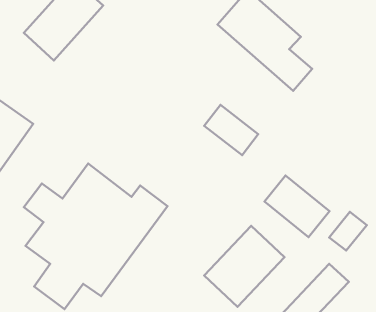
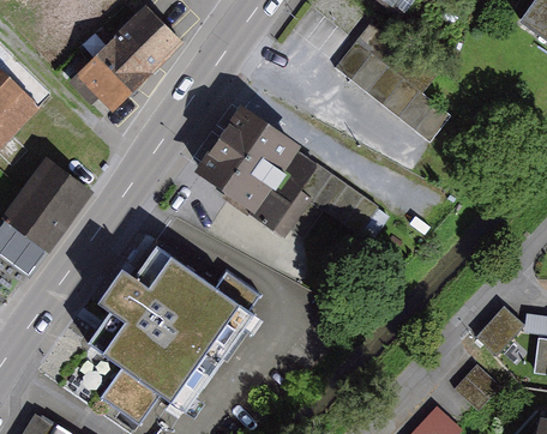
building: none -> [196,106,324,228]
building: [265,175,329,237] -> none
building: [204,226,284,307] -> none

